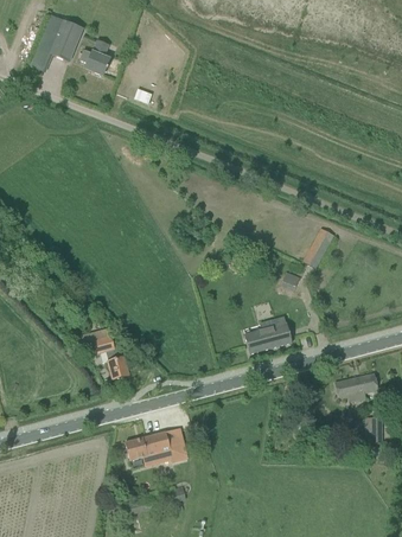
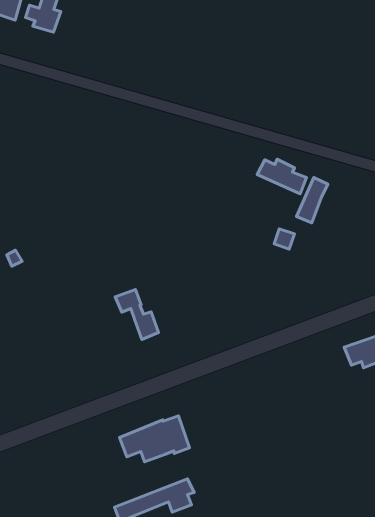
building: none -> [257,159,307,194]
building: [244,317,292,353] -> none
building: [92,334,128,379] -> [115,290,159,339]

